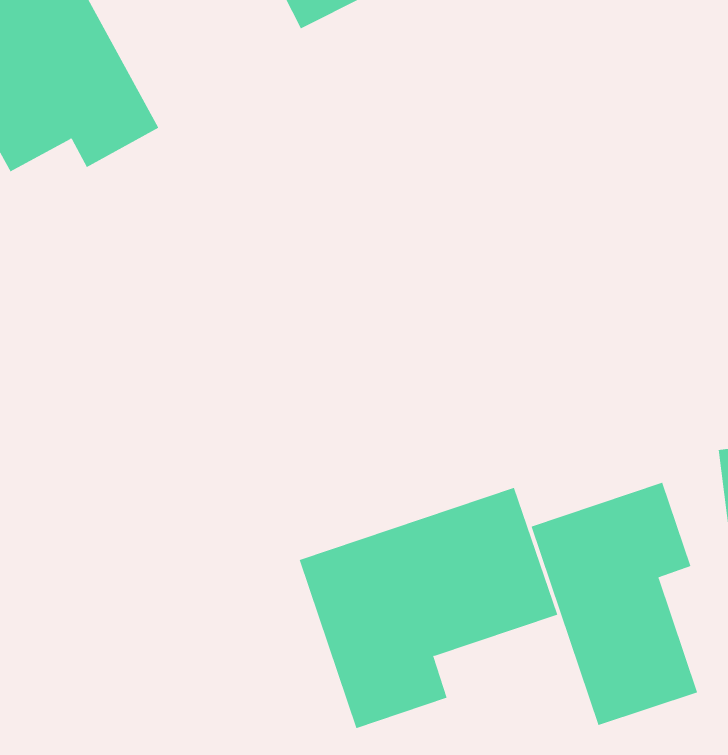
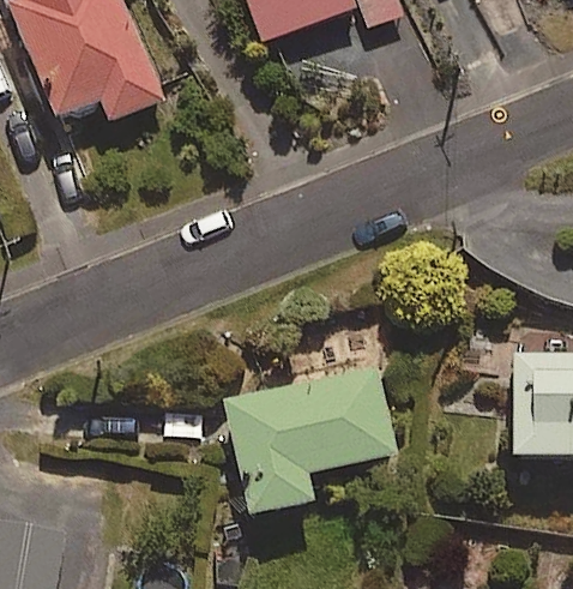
building: [531,482,698,726] -> none

